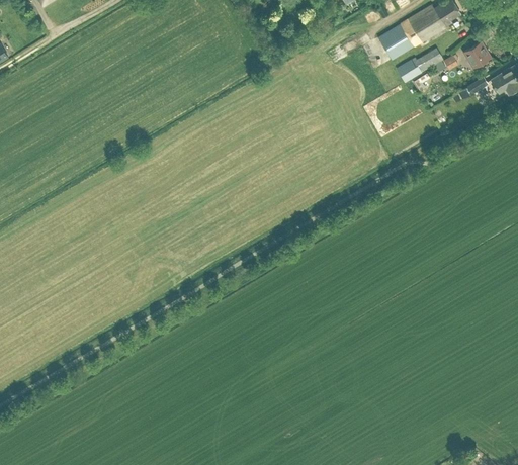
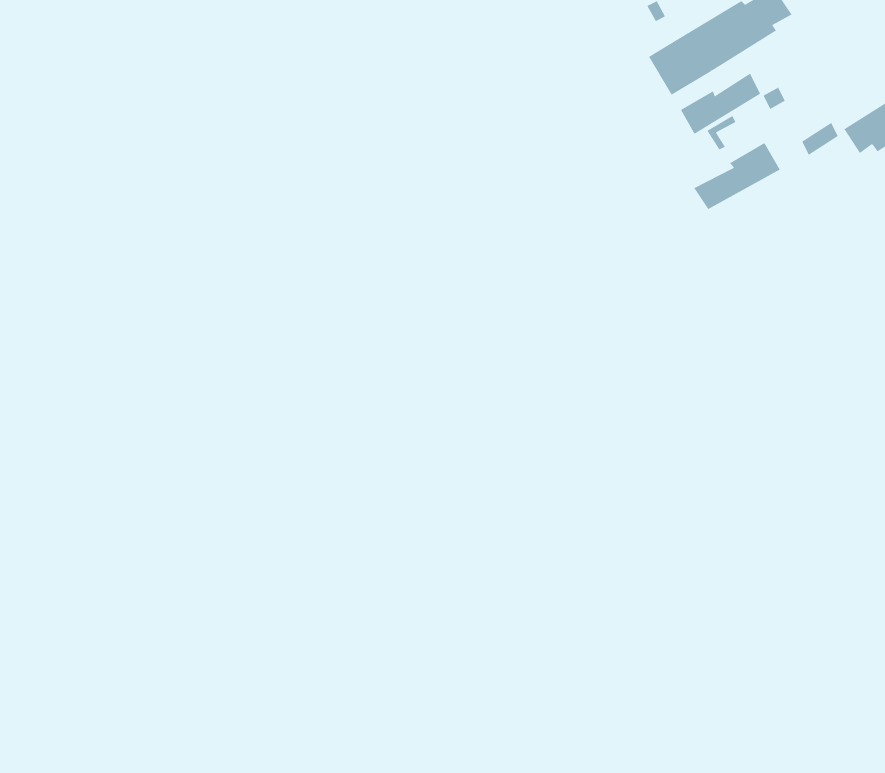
building: [462,41,490,68] -> none
building: none -> [693,142,781,210]

